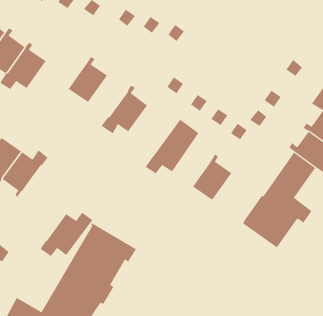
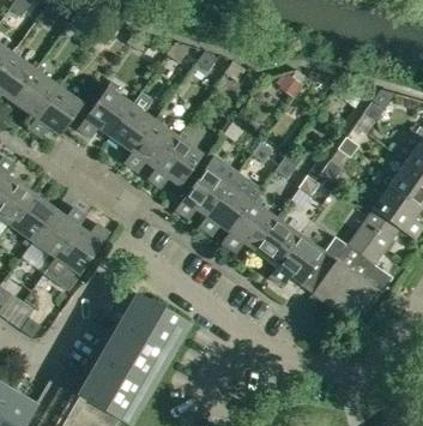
building: none -> [78,80,132,138]
building: none -> [126,114,179,172]
building: none -> [175,154,240,218]
building: none -> [224,194,277,252]
building: none -> [270,234,336,288]
building: [40,212,93,257] -> [48,223,110,276]

